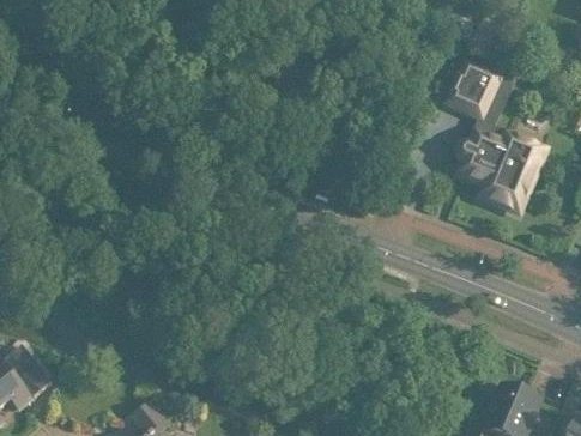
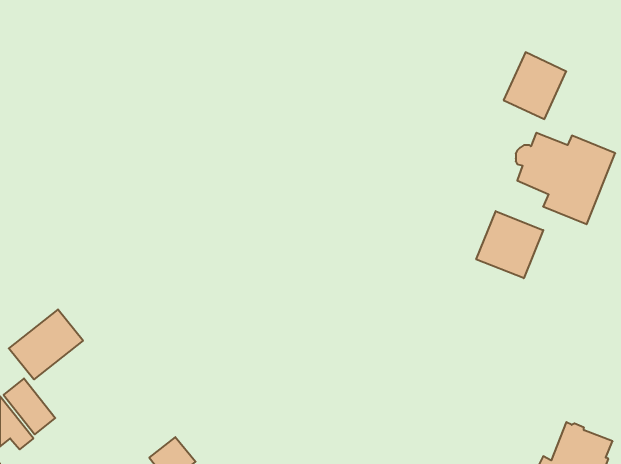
building: none -> [476,211,543,278]
building: none -> [9,309,83,379]

